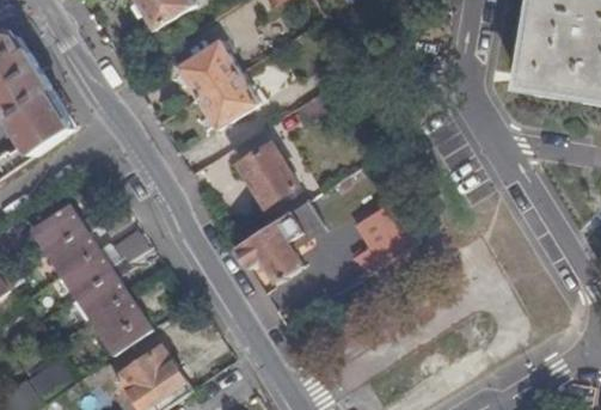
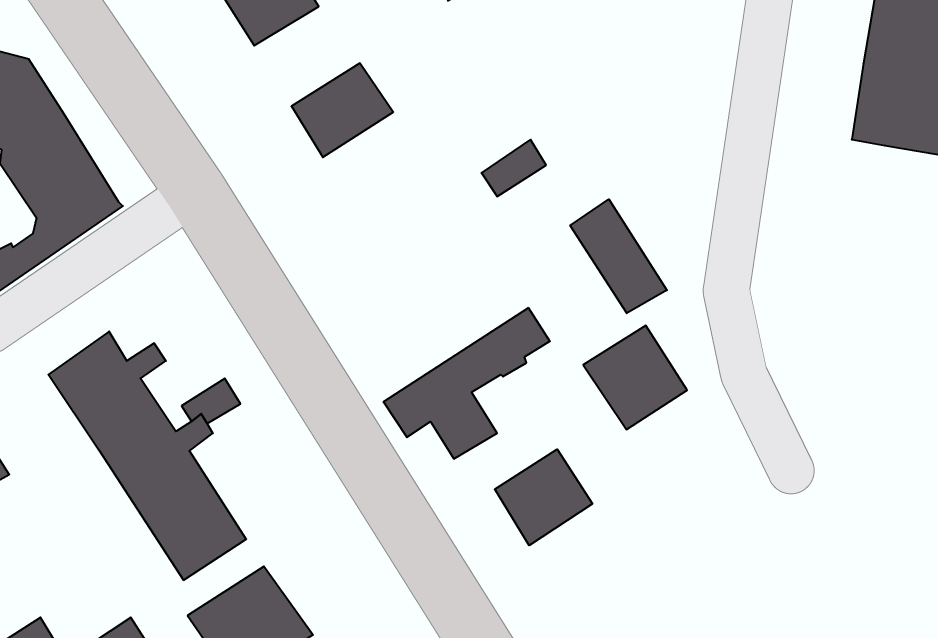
building: [197,71,259,129] -> none
building: none -> [570,199,667,313]
building: [239,143,298,206] -> none
building: none -> [495,449,592,545]

